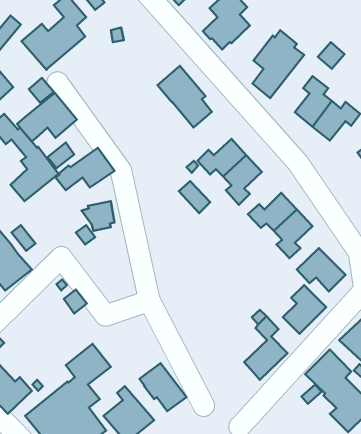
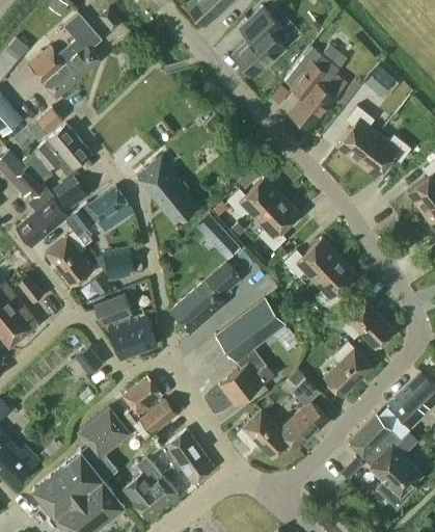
building: [158,66,212,128] -> [136,156,197,225]
building: none -> [46,232,92,287]
building: none -> [169,262,241,335]
building: none -> [93,294,157,362]
building: none -> [215,297,284,405]
building: none -> [121,376,176,441]
building: none -> [236,409,290,458]

